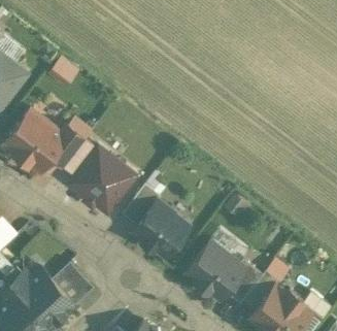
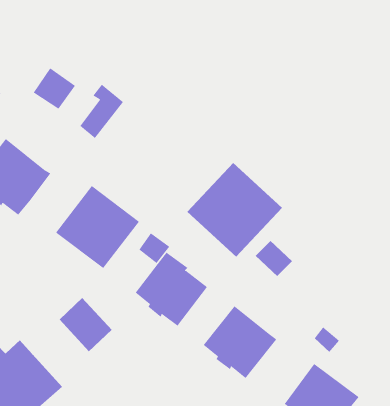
building: [52,125,87,168] -> [79,84,124,139]
building: none -> [186,162,283,258]
building: [226,259,264,304] -> none
building: [53,262,95,305] -> [59,297,112,352]

